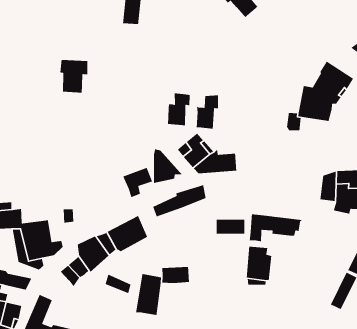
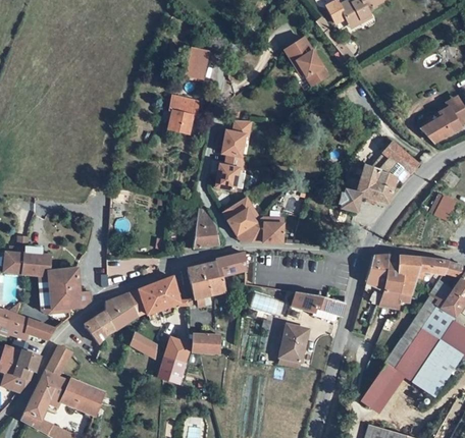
building: [60,59,88,93] -> [166,95,198,133]
building: [196,95,219,129] -> [222,119,251,156]
building: [122,167,153,198] -> [193,275,224,306]

